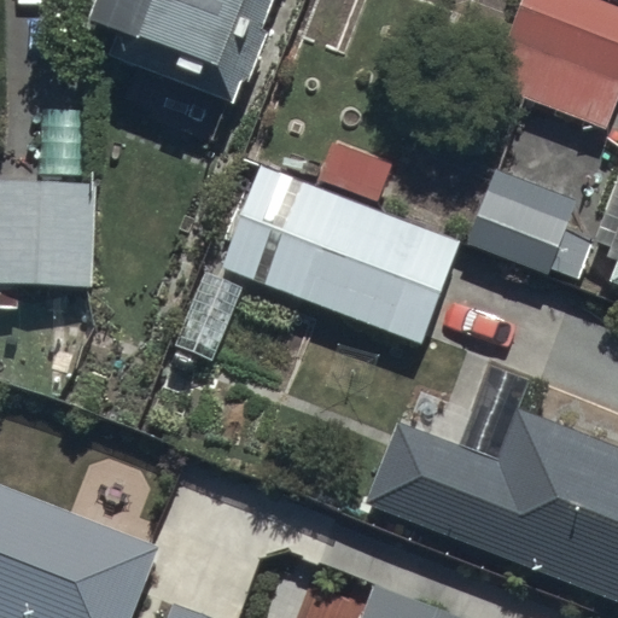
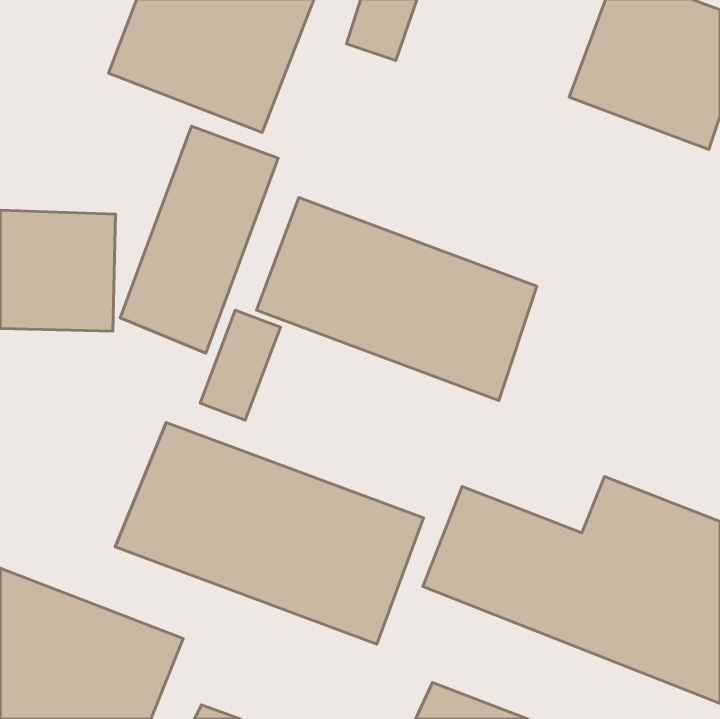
building: none -> [120,126,278,353]
building: [465,164,594,276] -> none
building: none -> [115,422,424,644]

